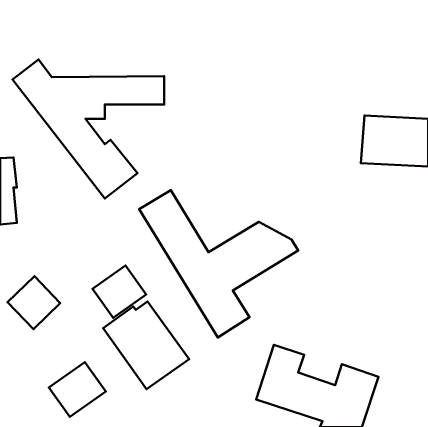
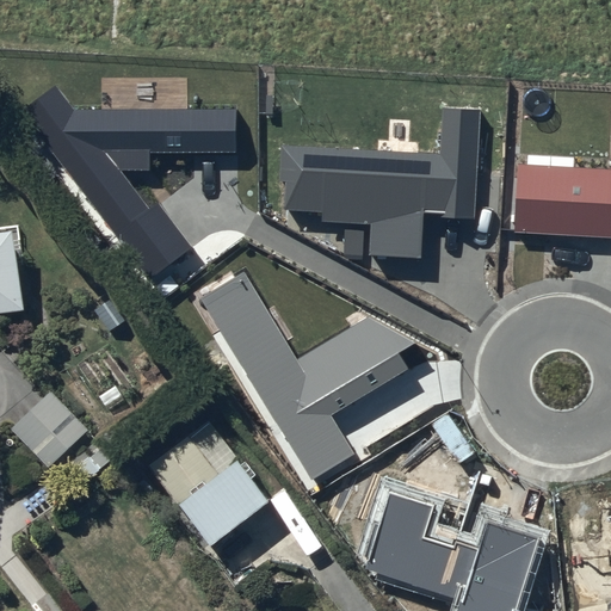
building: none -> [276,104,483,259]
building: [92,266,146,318] -> none
building: [49,362,106,417] -> none

